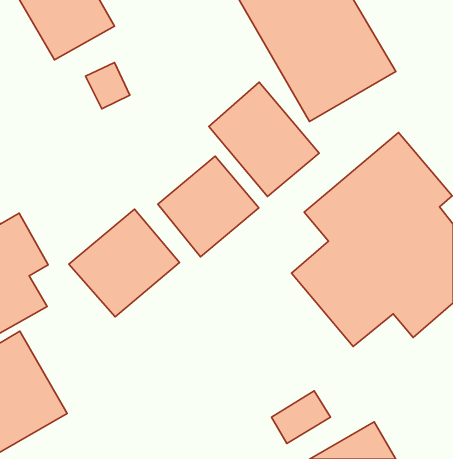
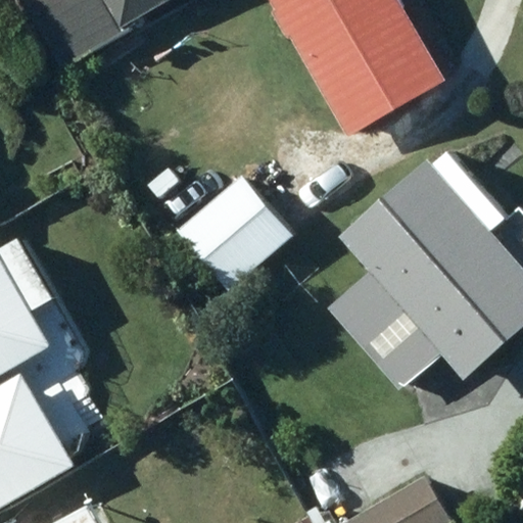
building: [209,82,319,196] -> none
building: [69,209,180,317] -> none

